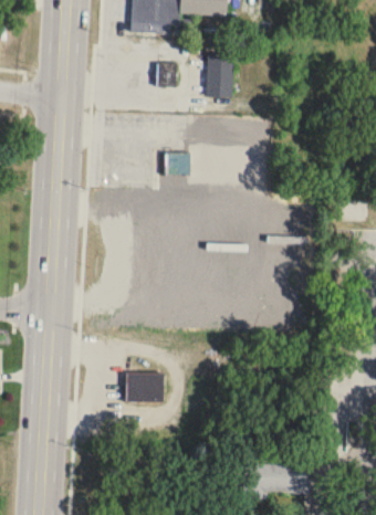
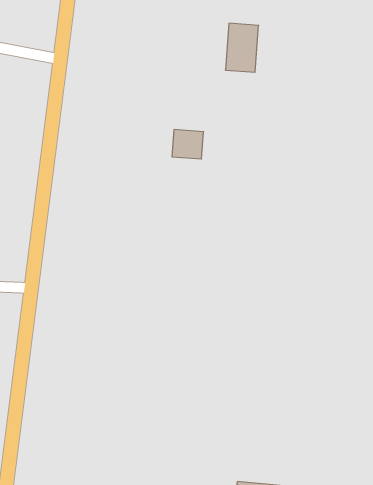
building: [127,374,164,403] -> none

